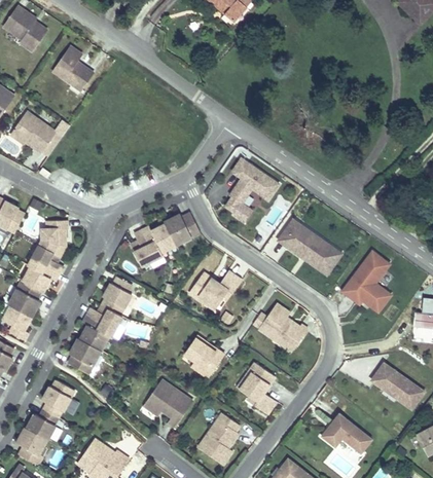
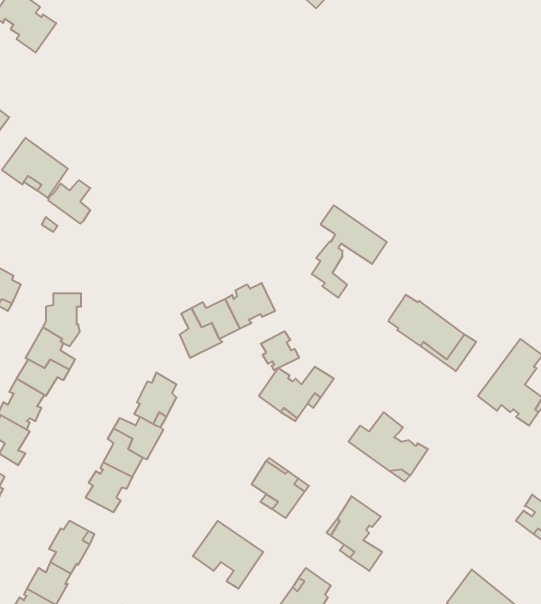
building: [53,46,95,87] -> none
building: none -> [49,180,90,224]
building: none -> [261,331,299,370]

